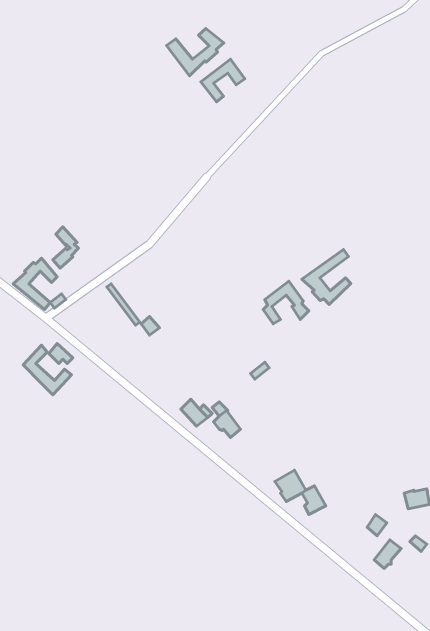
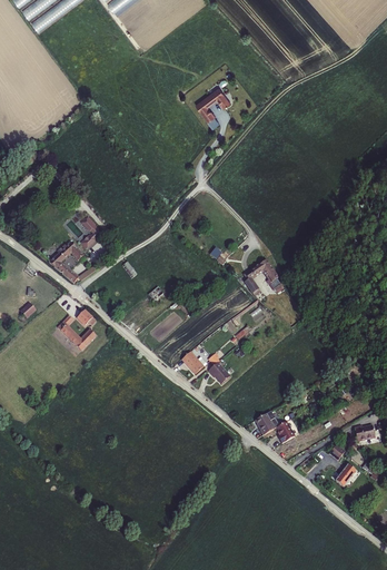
building: [167,28,224,76] -> none
building: [302,249,351,304] -> none

